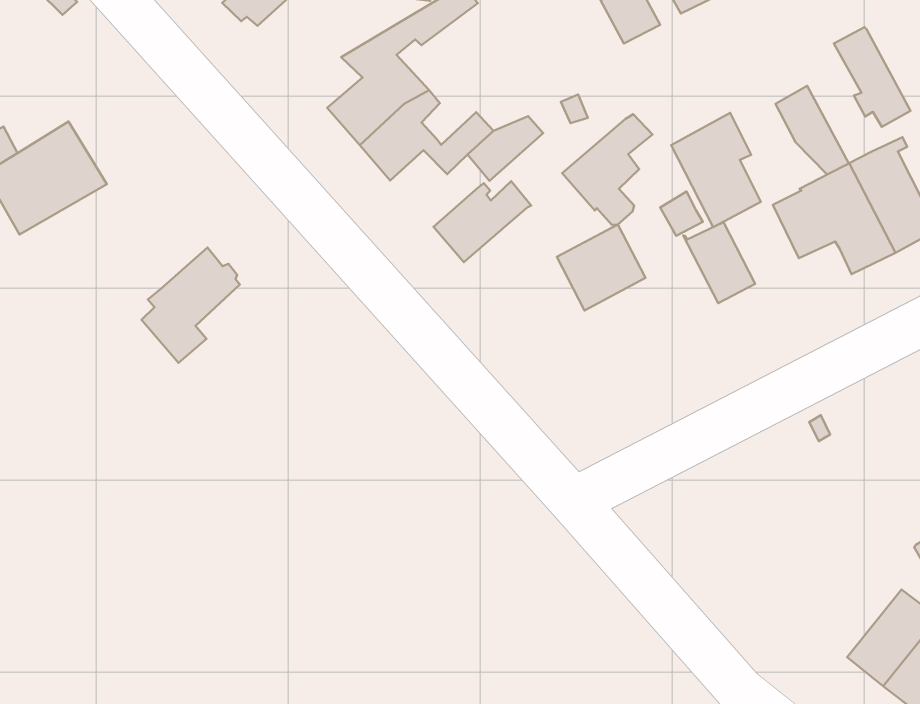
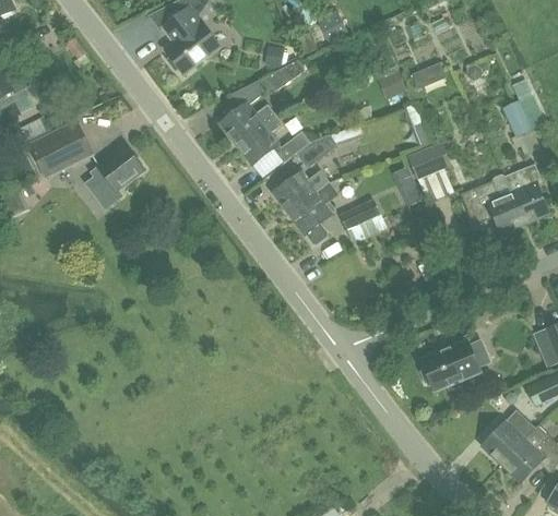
building: [776,86,849,174] -> none
building: [562,114,653,225] -> [288,182,340,242]
building: [683,222,755,303] -> none
building: [141,247,240,363] -> [86,145,142,207]
building: none -> [420,339,479,389]

